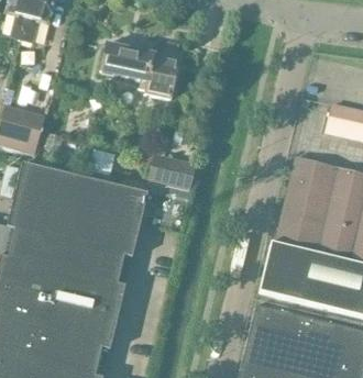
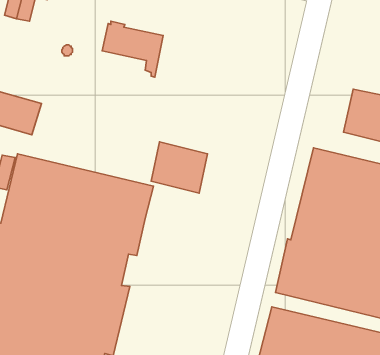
building: [149,54,178,97] -> none

